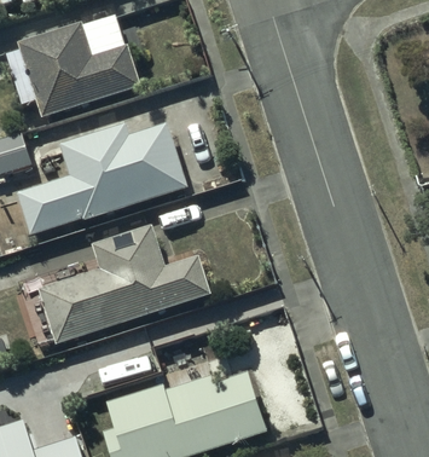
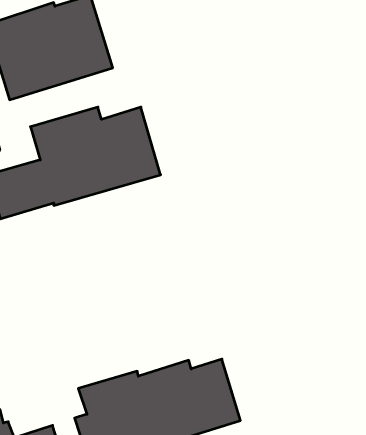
building: [35,224,209,342] -> none

